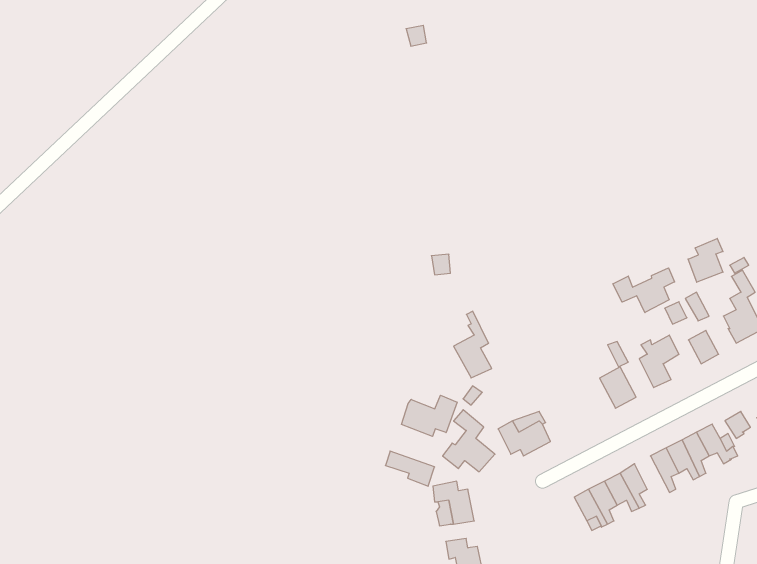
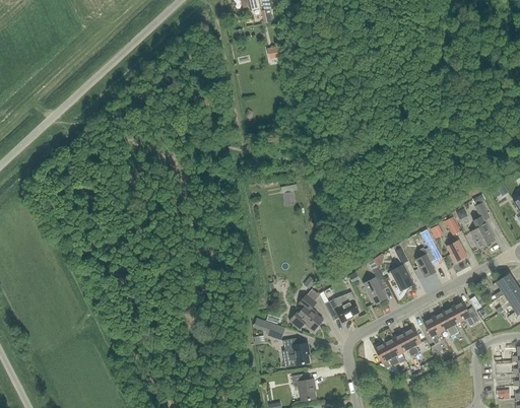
building: [688,238,723,282] -> none
building: [613,268,675,313] -> none
building: [454,311,492,378] -> [363,261,387,303]
building: [401,395,457,436] -> none

